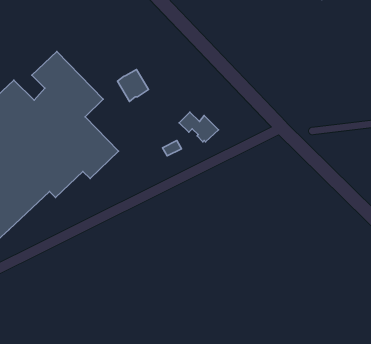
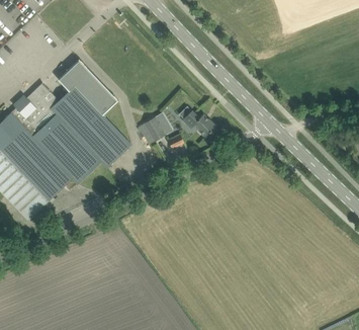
building: [117,69,148,101] -> [140,117,166,145]

